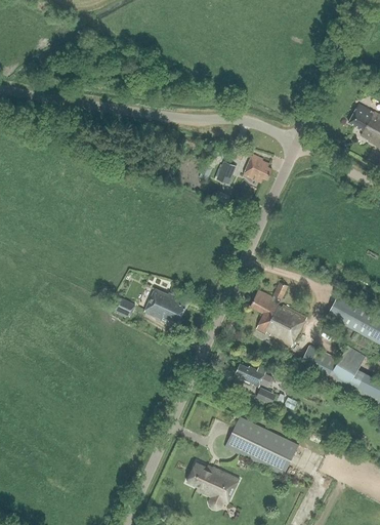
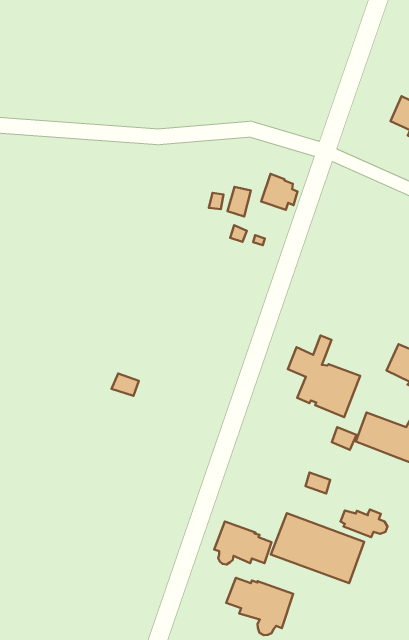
building: [143,287,185,323] -> none
building: [236,364,271,387] -> [341,509,388,537]
building: none -> [214,522,271,565]

